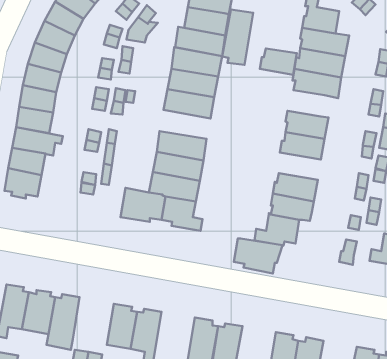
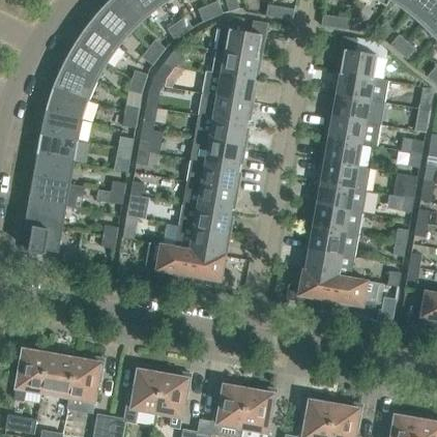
building: [222,10,253,65] -> none
building: [260,48,297,75] -> [322,138,361,166]
building: none -> [186,158,240,190]
building: none -> [312,204,357,233]
building: [234,238,283,273] -> [330,275,382,313]

